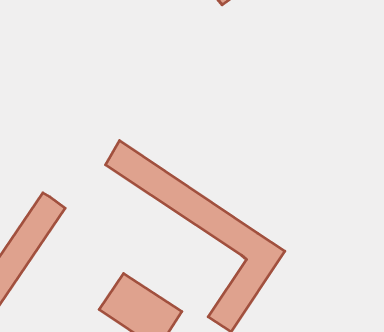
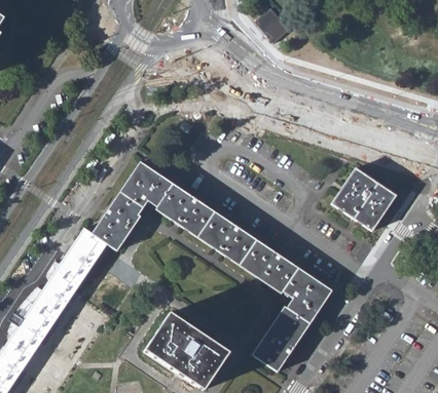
building: none -> [93,160,163,249]
building: none -> [331,167,395,230]

